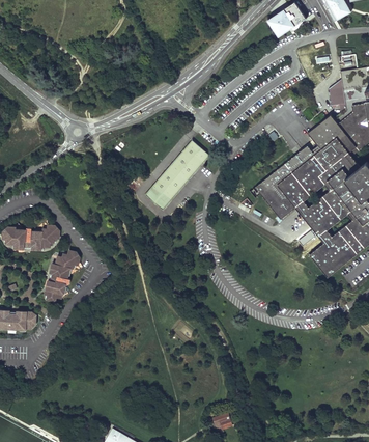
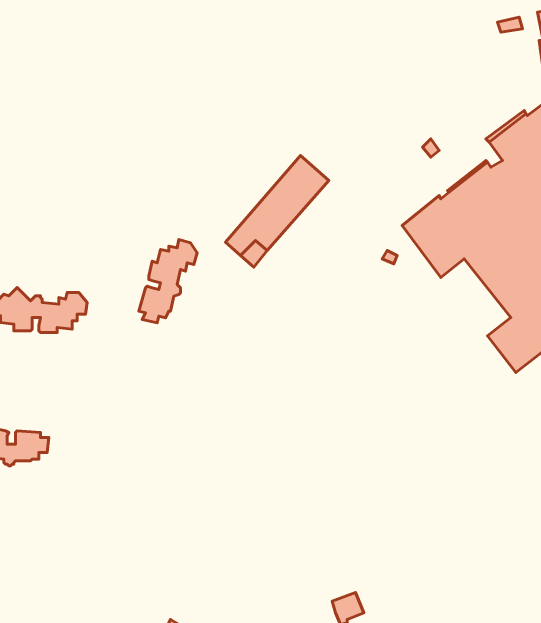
building: [42,251,79,303] -> [139,239,197,323]

